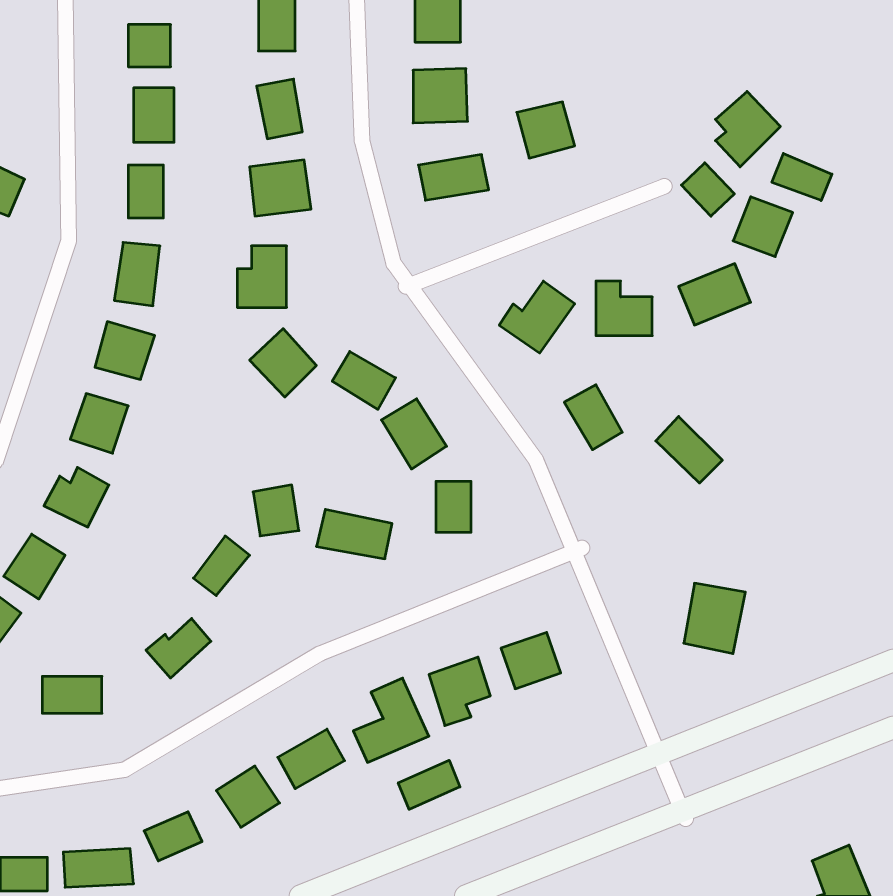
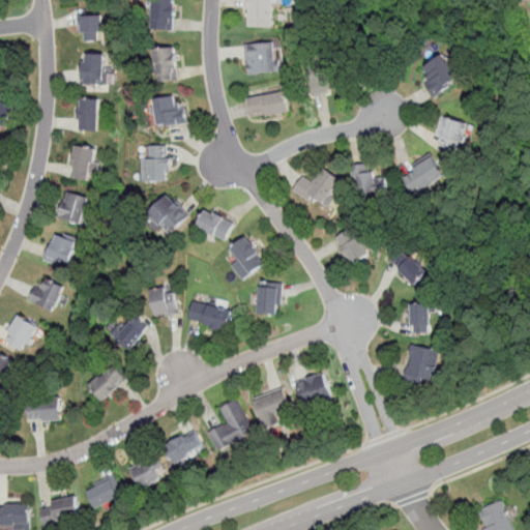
building: [772,153,832,201] -> none
building: [681,163,734,216] -> none
building: none -> [409,302,429,333]
building: [398,760,460,809] -> none

